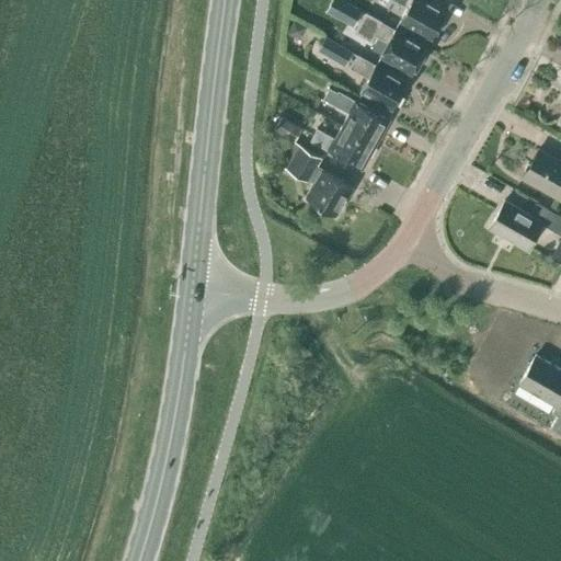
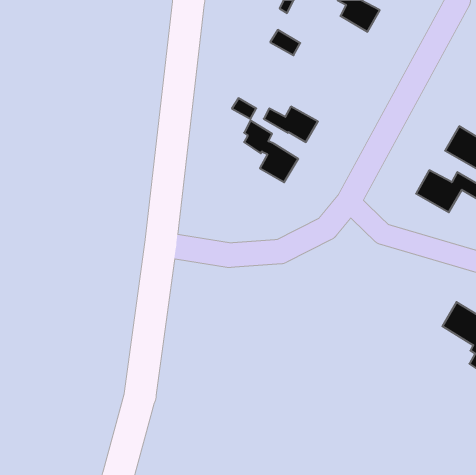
building: [356,15,427,76] -> none
building: [351,57,408,111] -> none
building: [324,90,388,146] -> none

